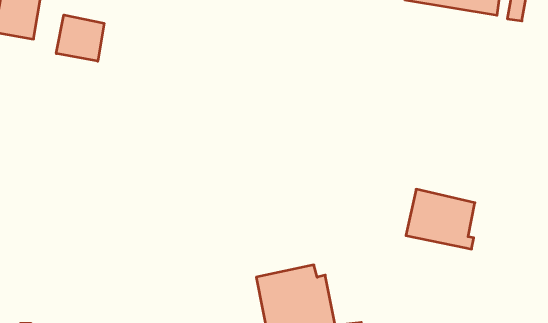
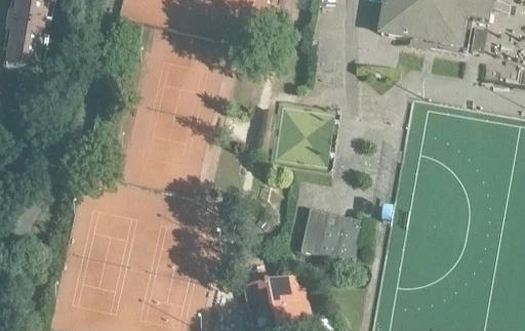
building: [56,15,104,61] -> none
building: [406,189,475,249] -> [299,207,362,261]

